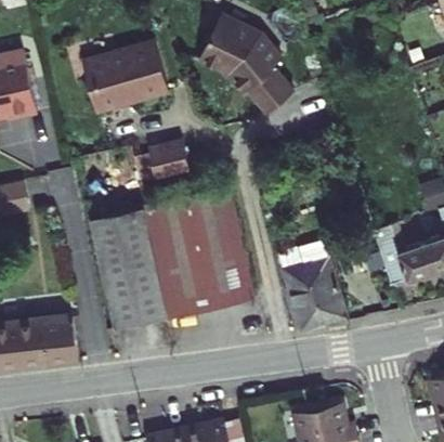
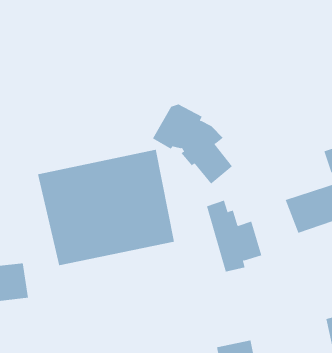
building: [200,22,296,117] -> [152,104,233,184]
building: [81,45,169,117] -> none
building: [148,143,190,182] -> none

